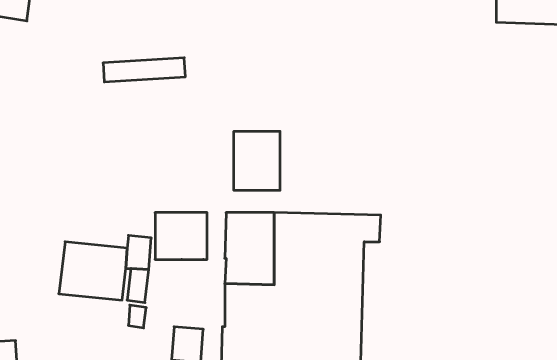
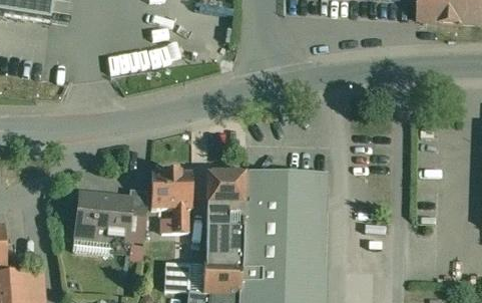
building: [234,131,280,190] -> none
building: none -> [162,207,189,231]

